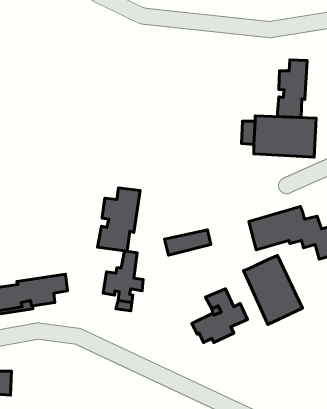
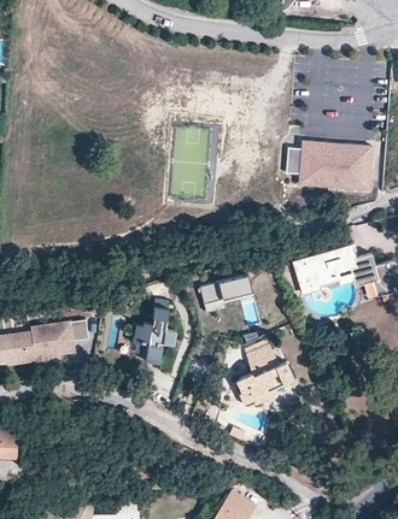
building: [277,60,307,118] -> none
building: [98,188,140,251] -> none
building: [244,256,302,325] -> none

